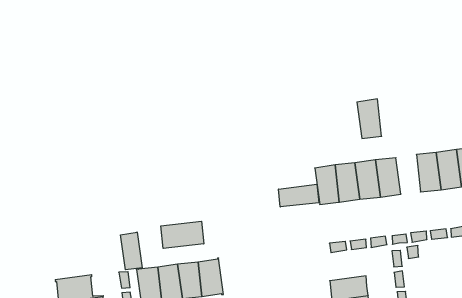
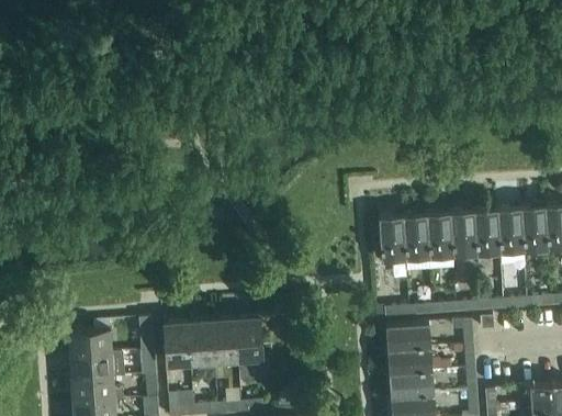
building: [357,99,382,138] -> [473,211,499,256]
building: [279,184,319,207] -> none
building: [161,221,204,248] -> none
building: [121,232,142,270] -> none
building: none -> [384,324,430,352]

